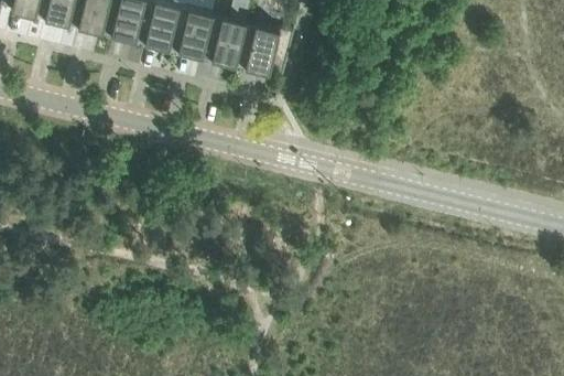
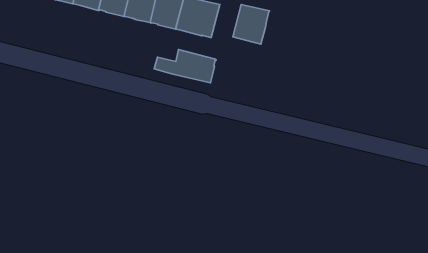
building: none -> [233,5,269,44]
building: none -> [154,50,216,83]

